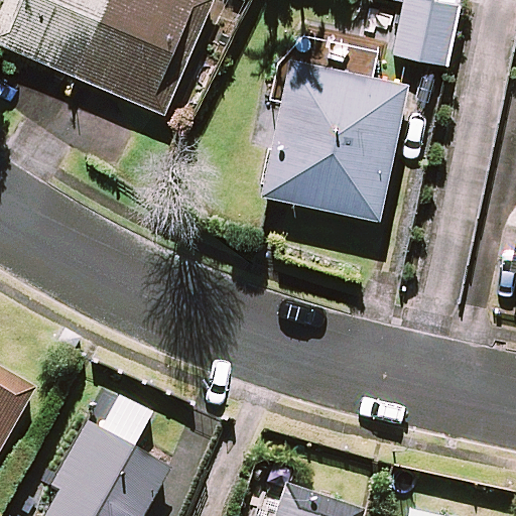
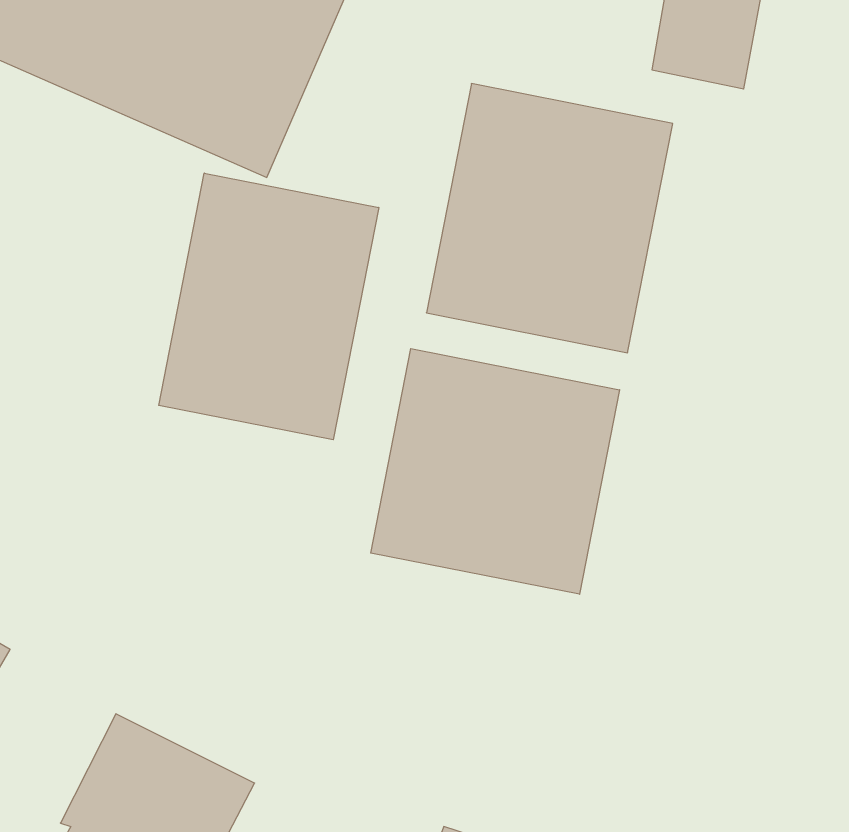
building: none -> [159,173,379,440]
building: none -> [371,349,620,594]

